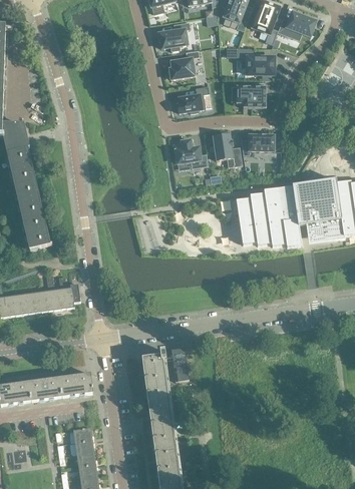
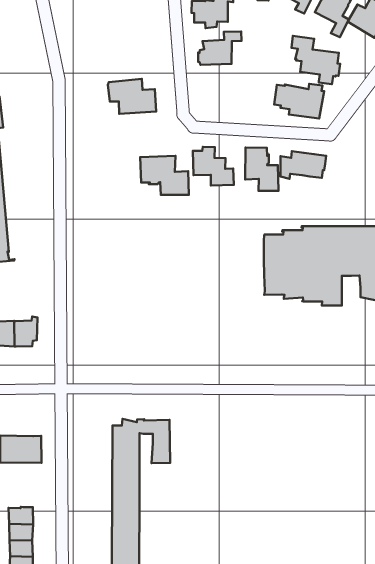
building: [176,86,208,113] -> none
building: none -> [108,79,156,114]
building: none -> [140,156,189,195]

